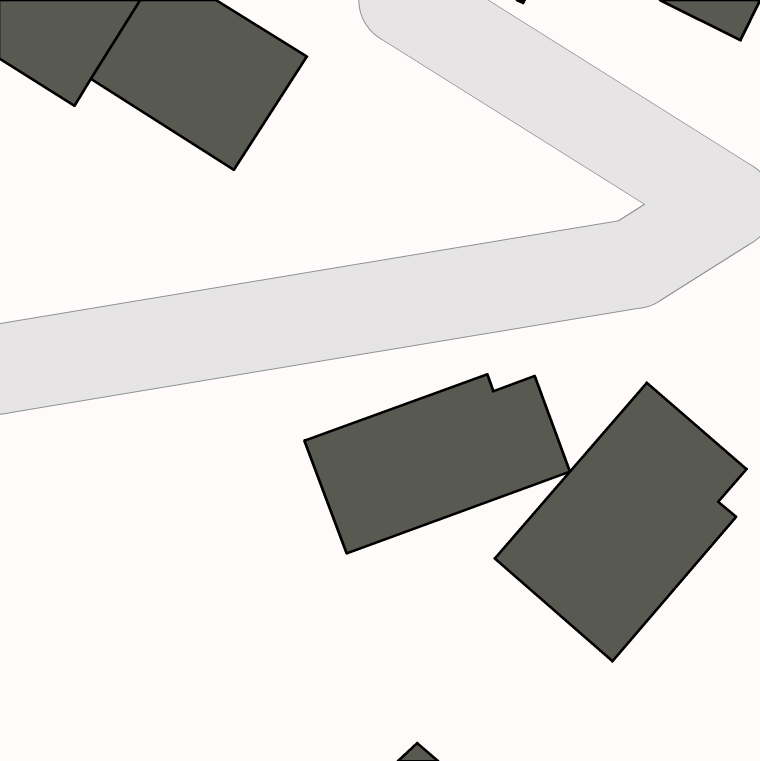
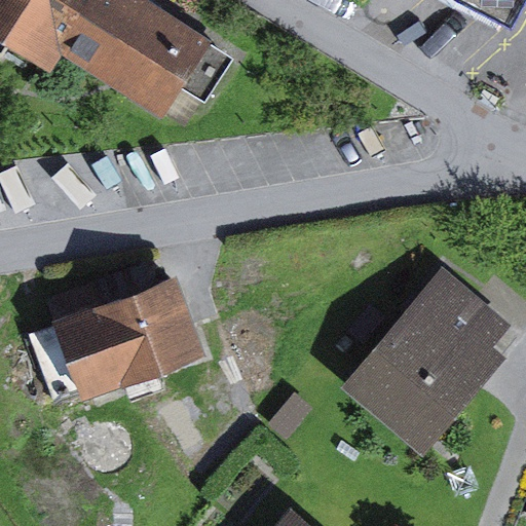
building: [305,374,570,553] -> none
building: none -> [49,273,202,401]

